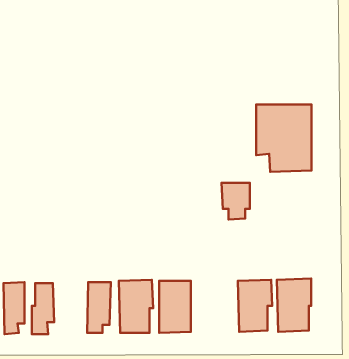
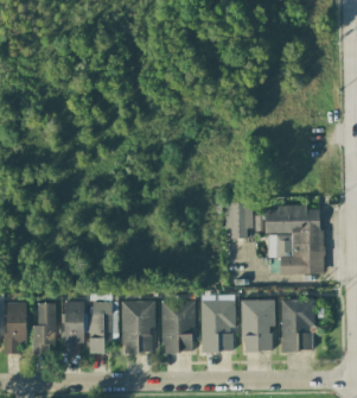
building: [256,104,312,172] -> [267,207,323,274]
building: none -> [200,295,235,352]
building: none -> [63,301,84,353]

